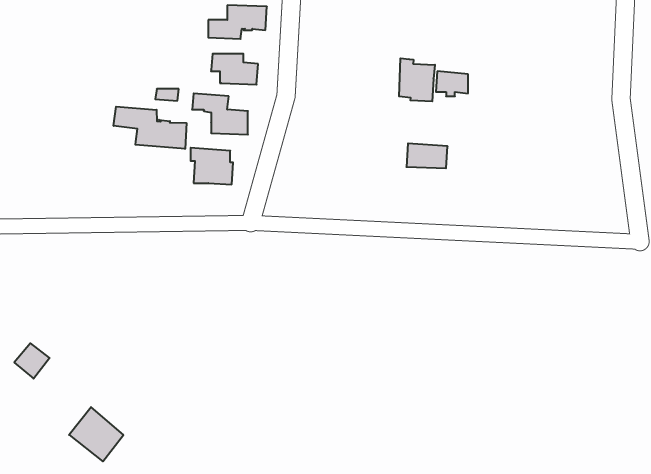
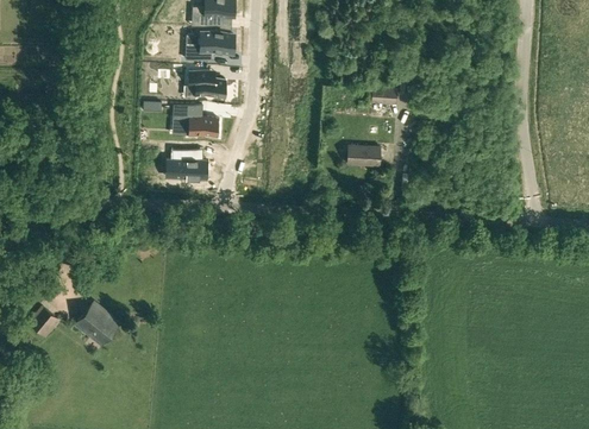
building: [399,58,435,101] -> none
building: [114,107,186,149] -> none
building: [69,407,123,461] -> [75,301,119,345]

